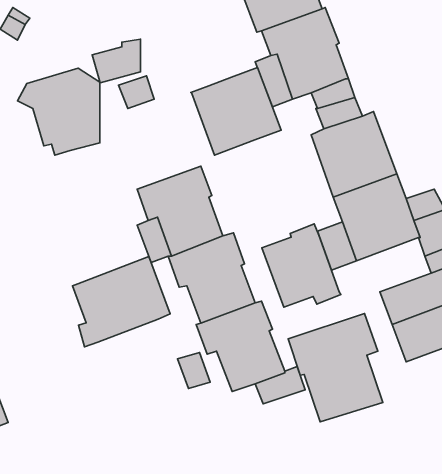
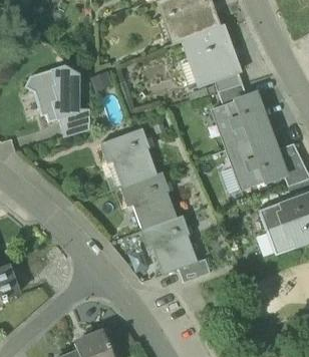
building: [92,39,140,83] -> [59,108,90,136]
building: [191,67,281,155] -> none
building: [262,224,341,307] -> none
building: [73,256,170,347] -> none
building: [288,314,383,422] -> none

